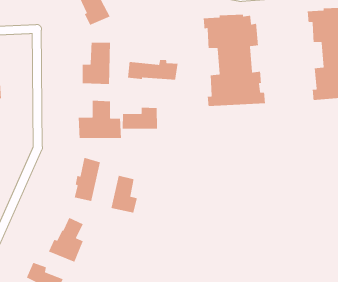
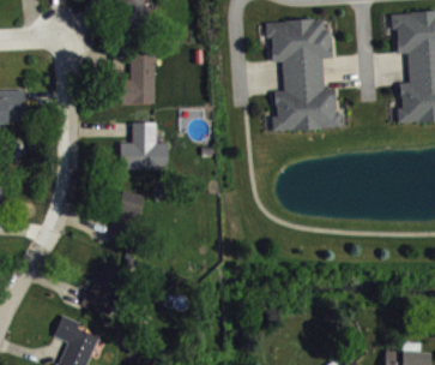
building: [127,59,179,80] -> none
building: [122,107,158,129] -> none
building: [110,175,138,213] -> none

